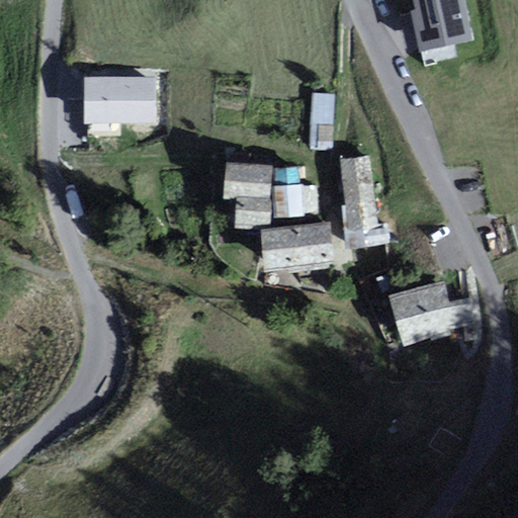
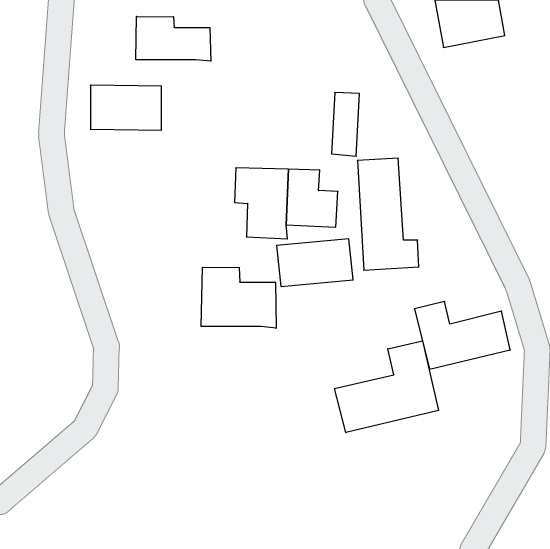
building: none -> [136,16,211,61]
building: none -> [201,267,276,328]
building: none -> [335,341,438,433]

